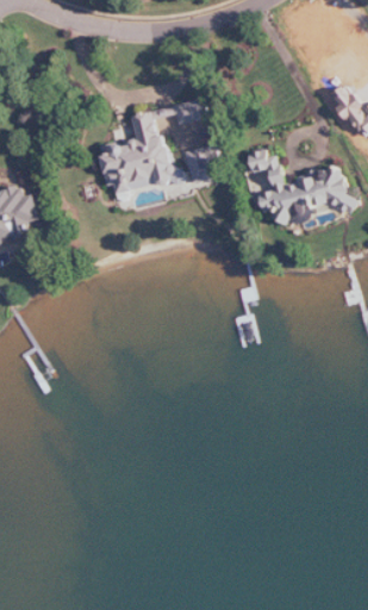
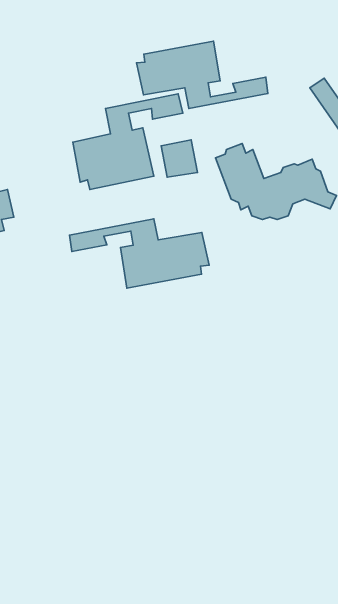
building: none -> [137,41,268,108]
building: none -> [70,219,209,288]

